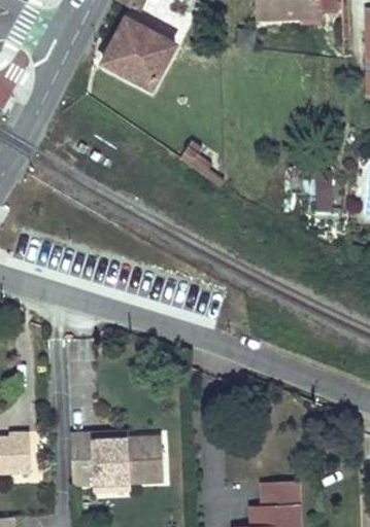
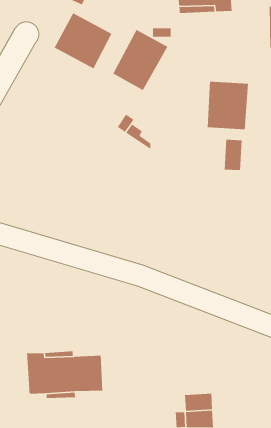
building: none -> [112,29,168,91]
building: none -> [207,81,249,130]

